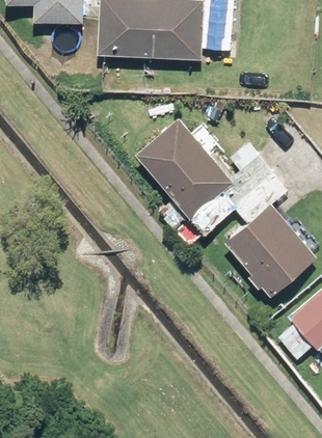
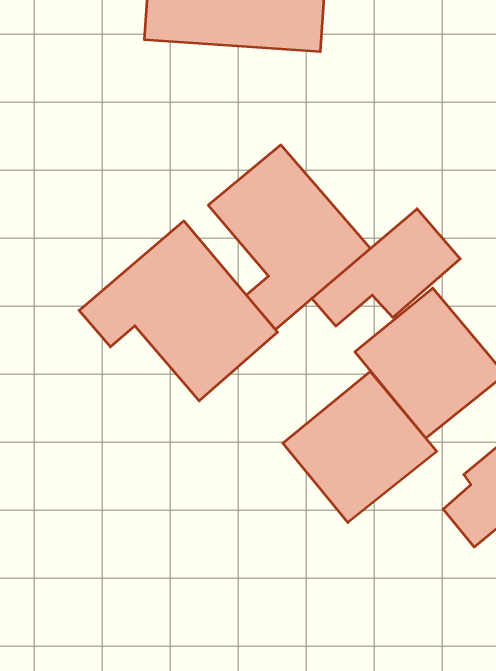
building: none -> [79,221,278,401]
building: none -> [283,372,437,523]

